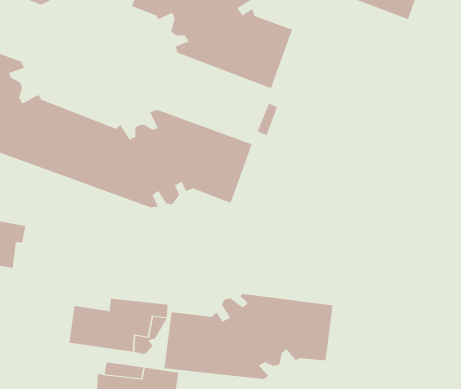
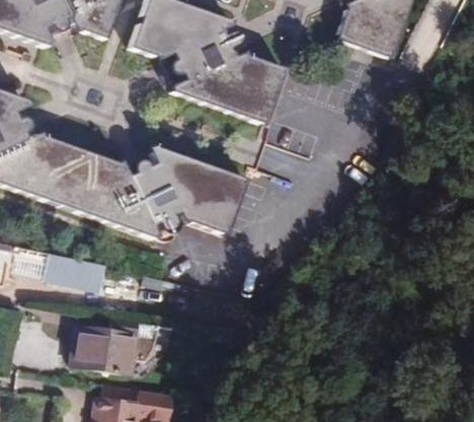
building: none -> [35,253,89,287]
building: [164,293,333,380] -> none

